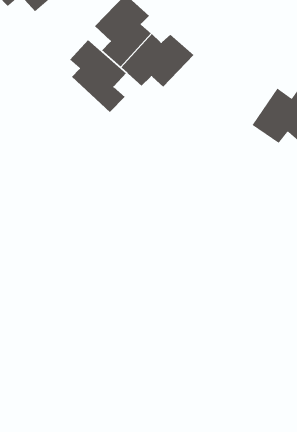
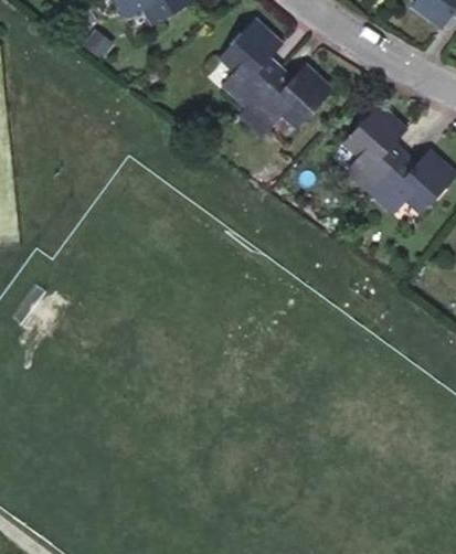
building: [69,39,127,113] -> none
building: none -> [347,108,410,193]

